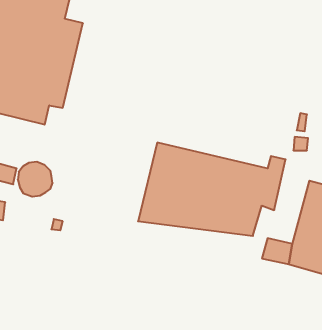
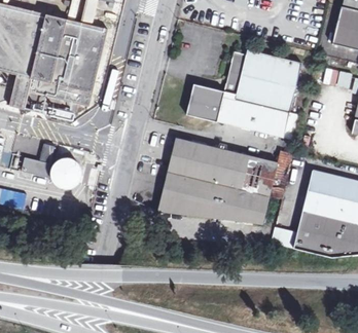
building: none -> [185,51,301,140]

